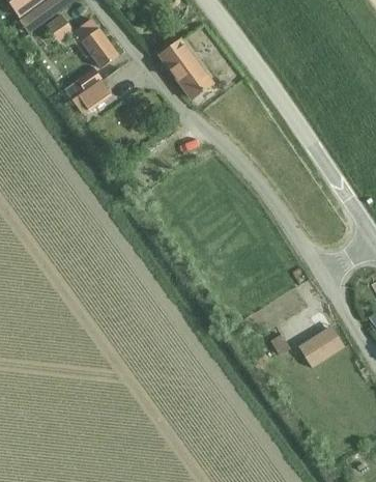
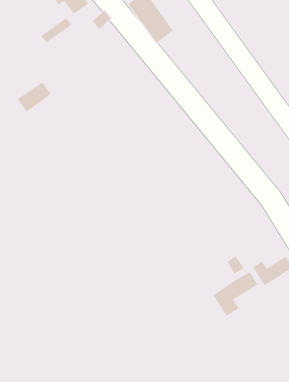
building: [71,79,110,113] -> [17,82,51,112]
building: none -> [213,271,258,317]

